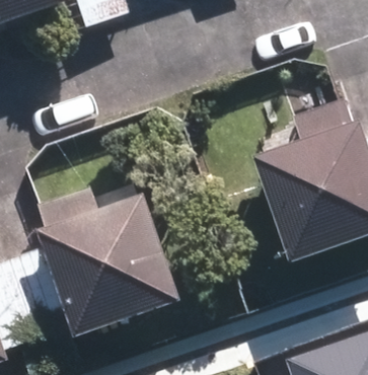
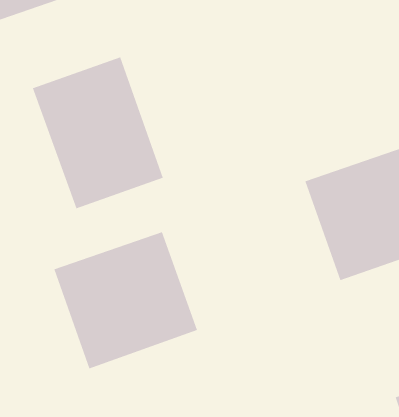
building: none -> [32,56,164,209]

